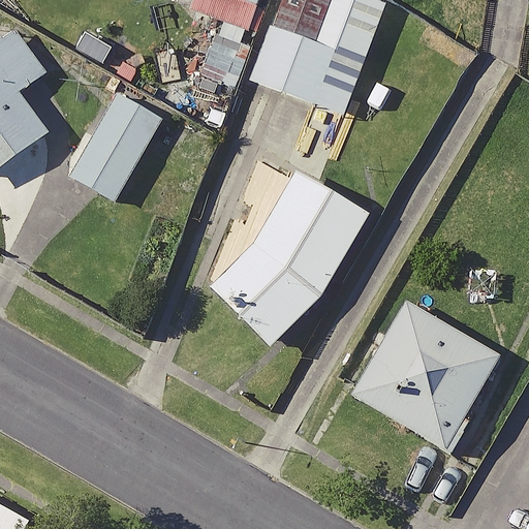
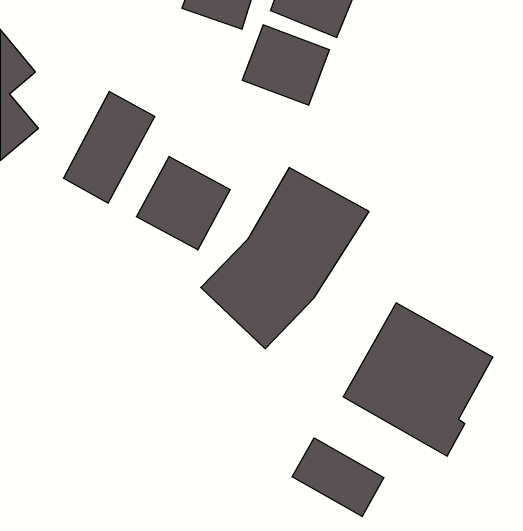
building: none -> [136,156,230,250]
building: none -> [292,438,384,517]

